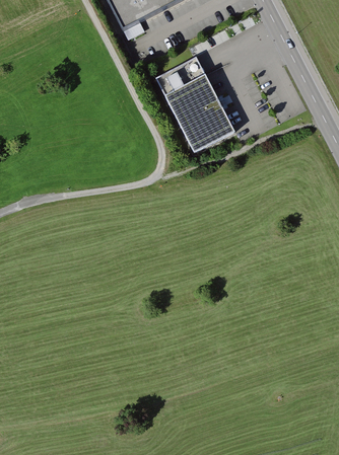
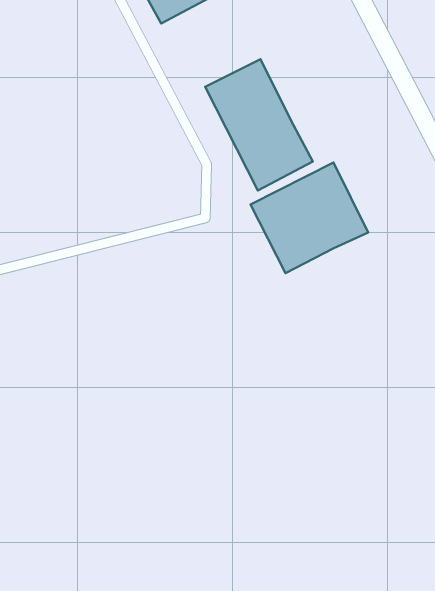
building: none -> [250,163,368,273]

